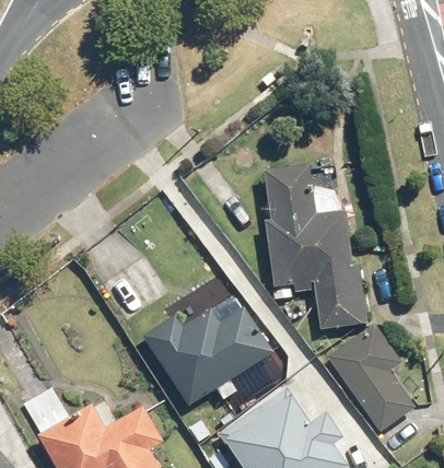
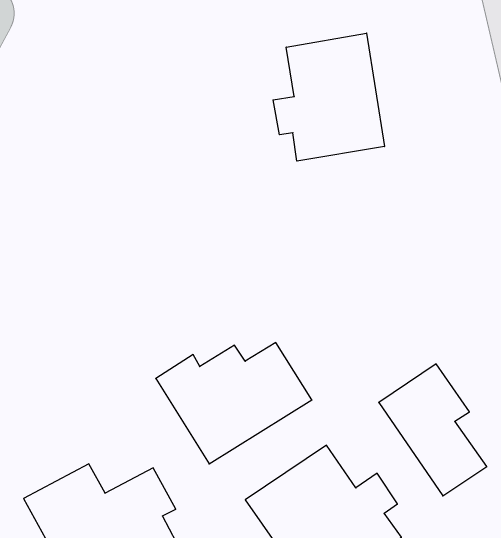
building: none -> [273,33,384,161]
building: [264,165,366,328] -> none

